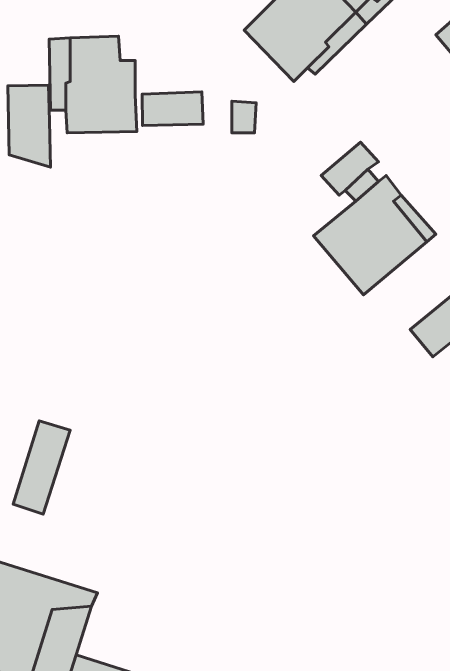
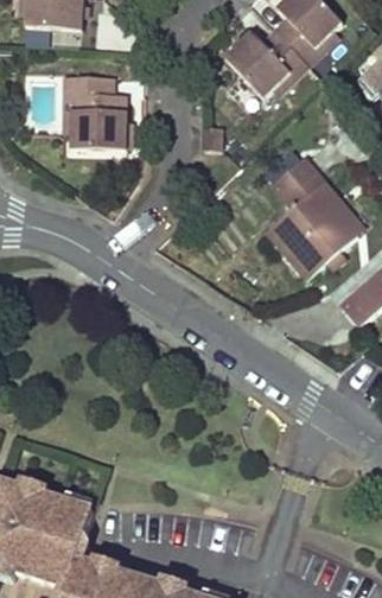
building: [8,85,51,167] -> none
building: [142,92,203,126] -> none
building: [13,421,70,514] -> none

